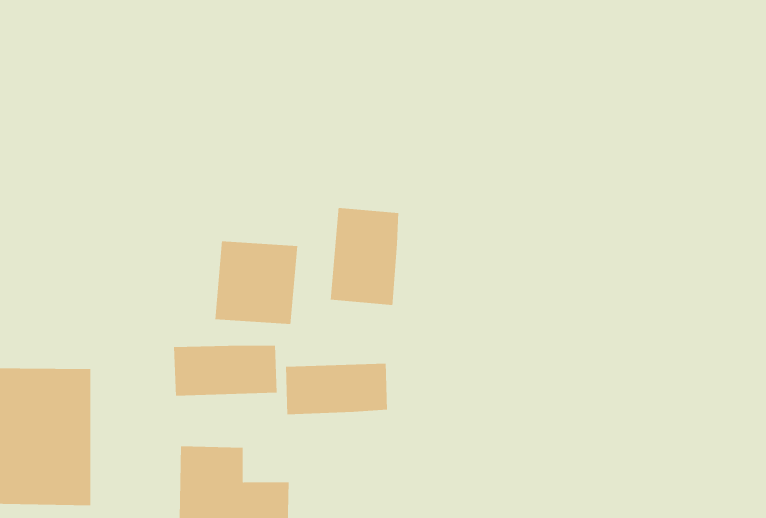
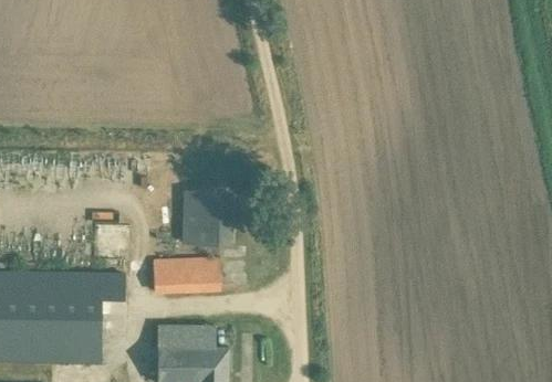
building: [330,207,399,306] -> none
building: [285,363,387,415] -> none

